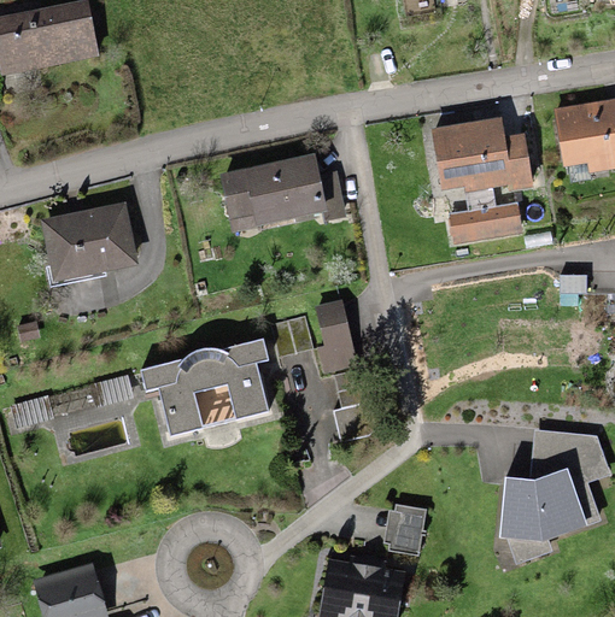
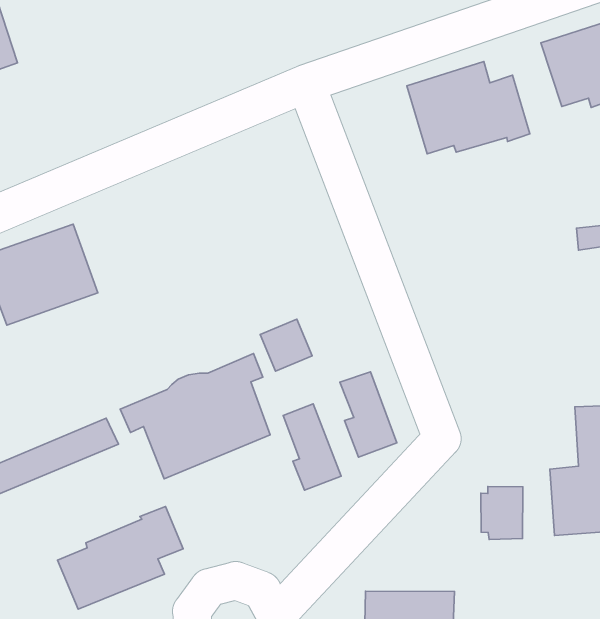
building: [219,154,345,231] -> none
building: [449,202,521,243] -> none
building: [315,300,357,374] -> [283,404,341,490]
building: none -> [58,507,183,609]
building: [383,505,426,554] -> [481,487,523,539]

